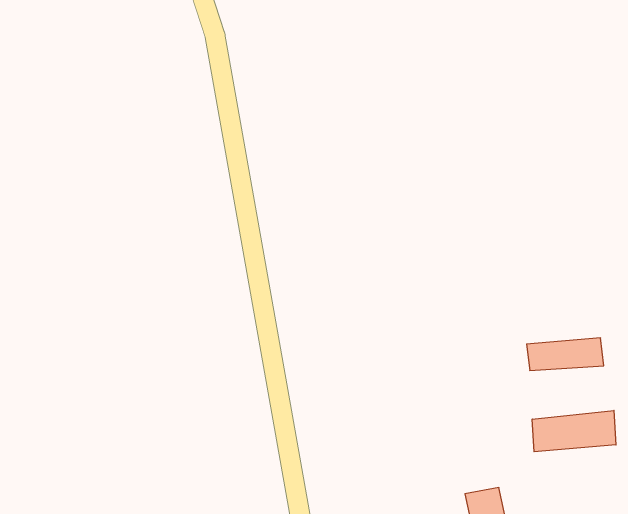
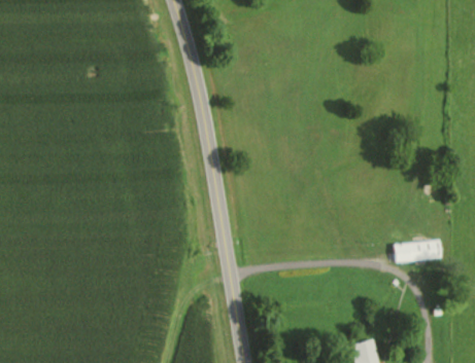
building: [532,410,616,452] -> none

